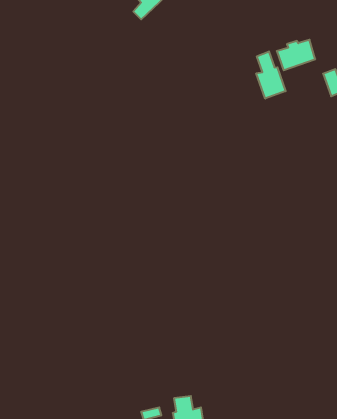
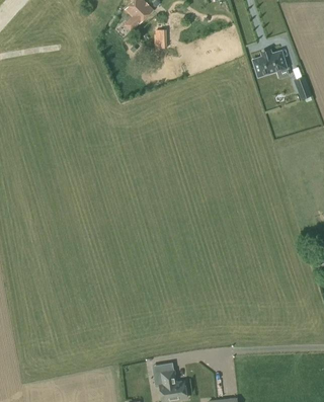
building: [256,51,286,99] -> none

